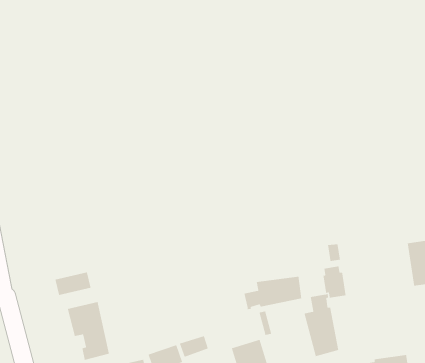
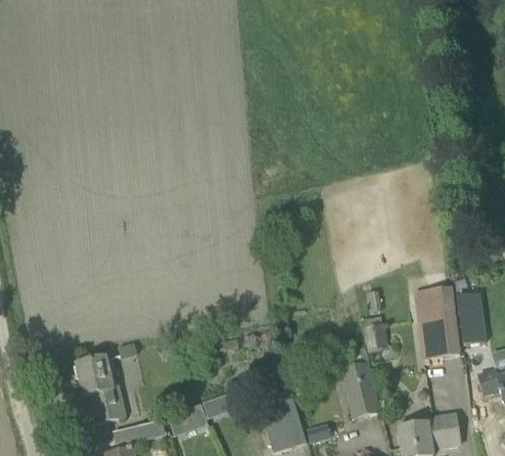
building: none -> [414,286,461,359]
building: [55,271,91,296] -> none
building: [243,276,302,310] -> none

